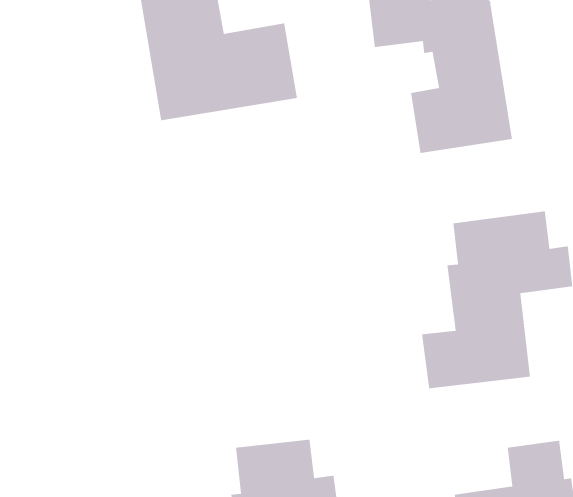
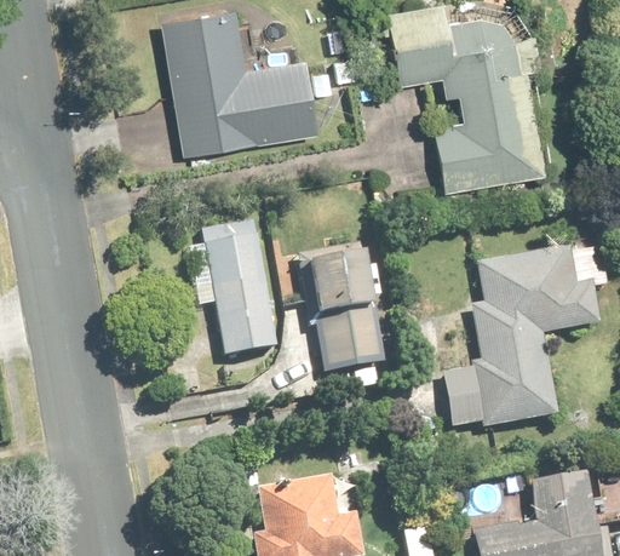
building: none -> [188,220,279,355]
building: none -> [311,252,381,365]

